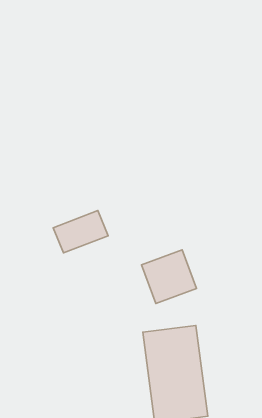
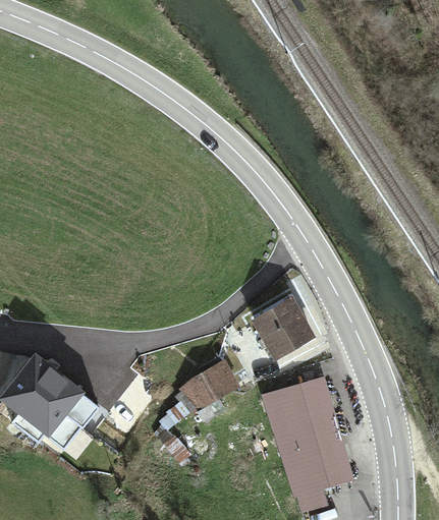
building: [53,211,108,253] -> [178,358,241,412]

